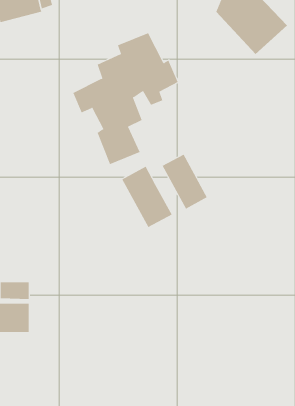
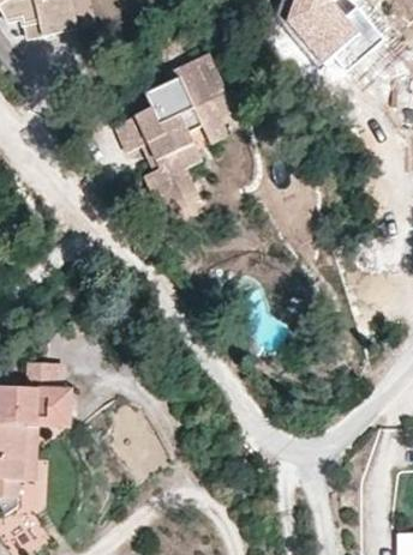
building: [162,154,208,209] -> none
building: [122,166,172,228] -> none

